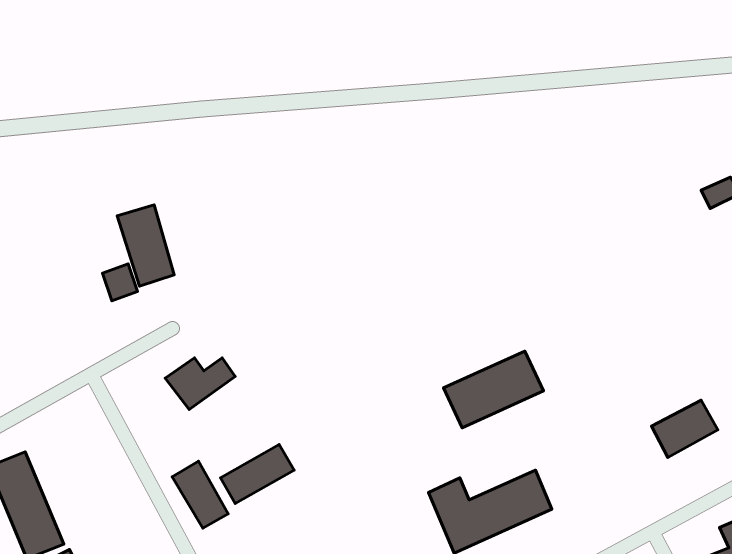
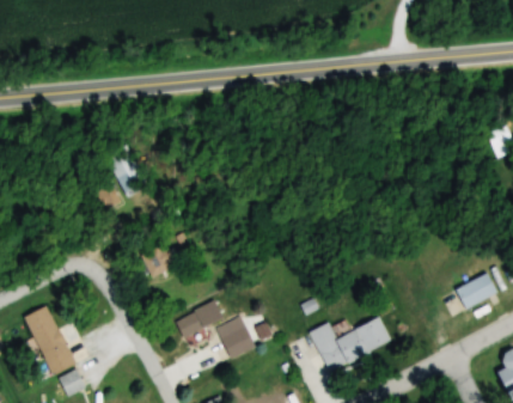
building: [444,351,544,428] -> none
building: [172,461,228,528] -> none
building: none -> [216,317,255,360]

